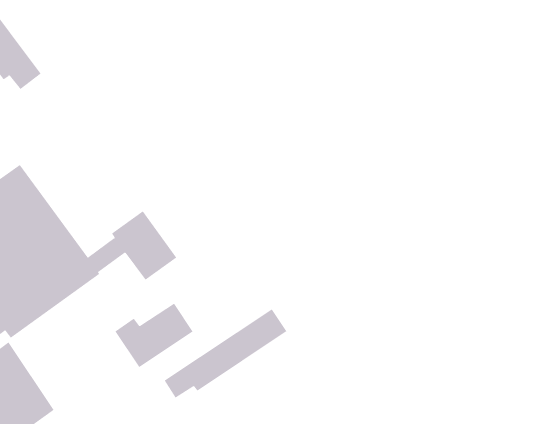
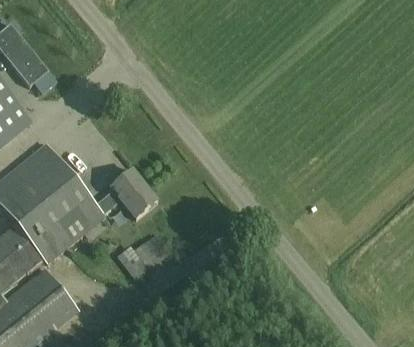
building: [164,309,287,399] -> none

